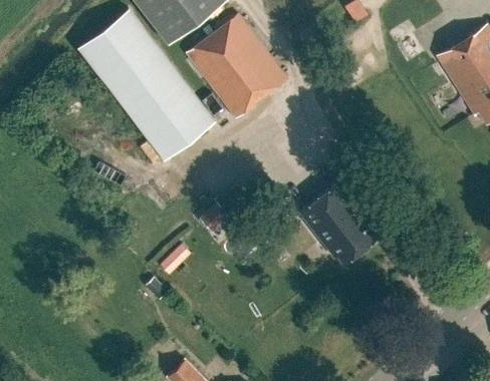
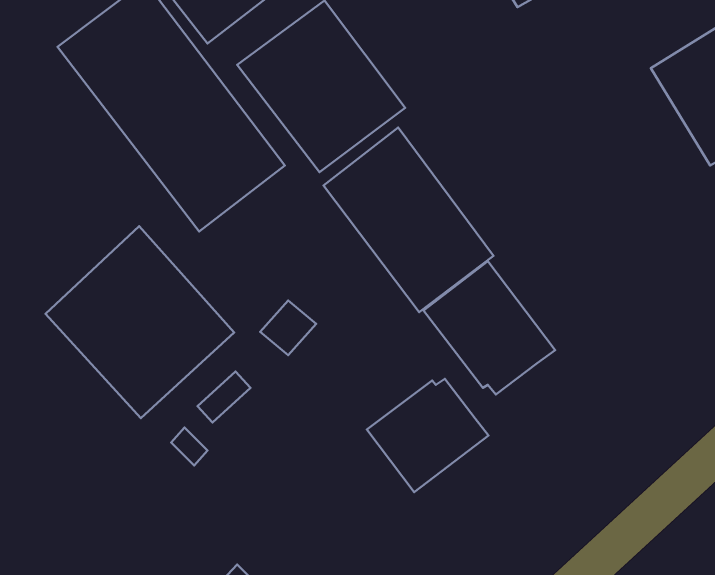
building: none -> [324,127,494,312]
building: none -> [45,226,234,418]
building: none -> [367,379,489,492]

